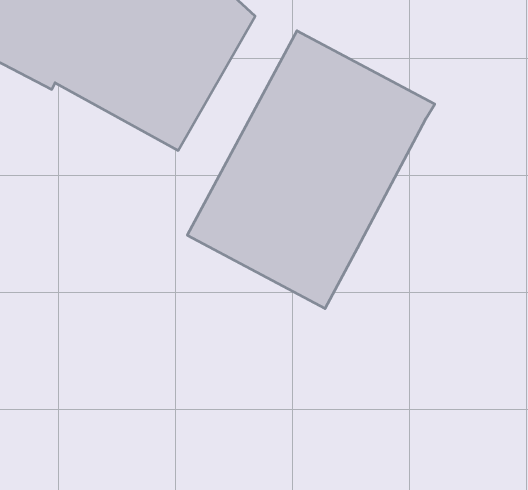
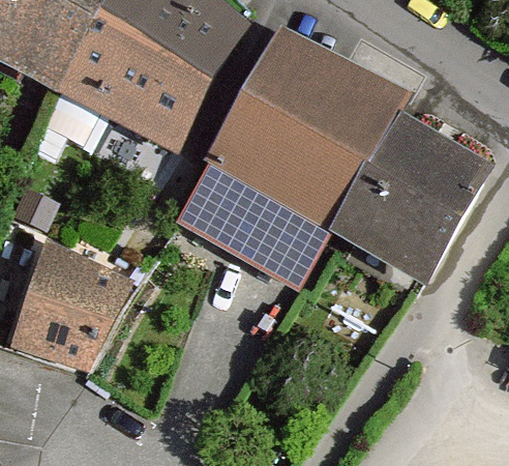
building: none -> [338,116,483,280]
building: none -> [20,253,120,365]

